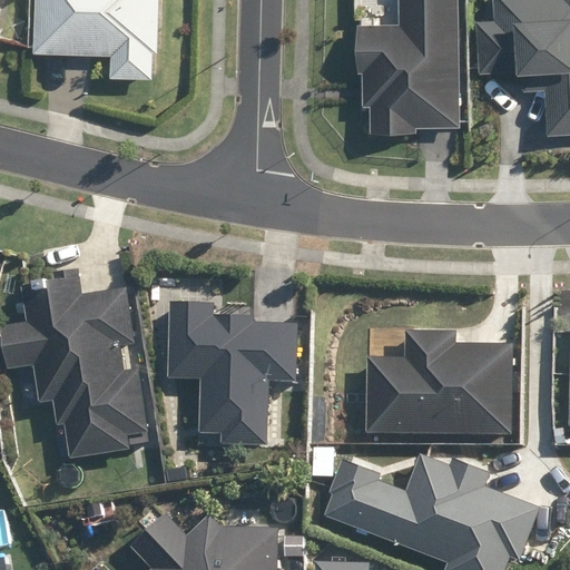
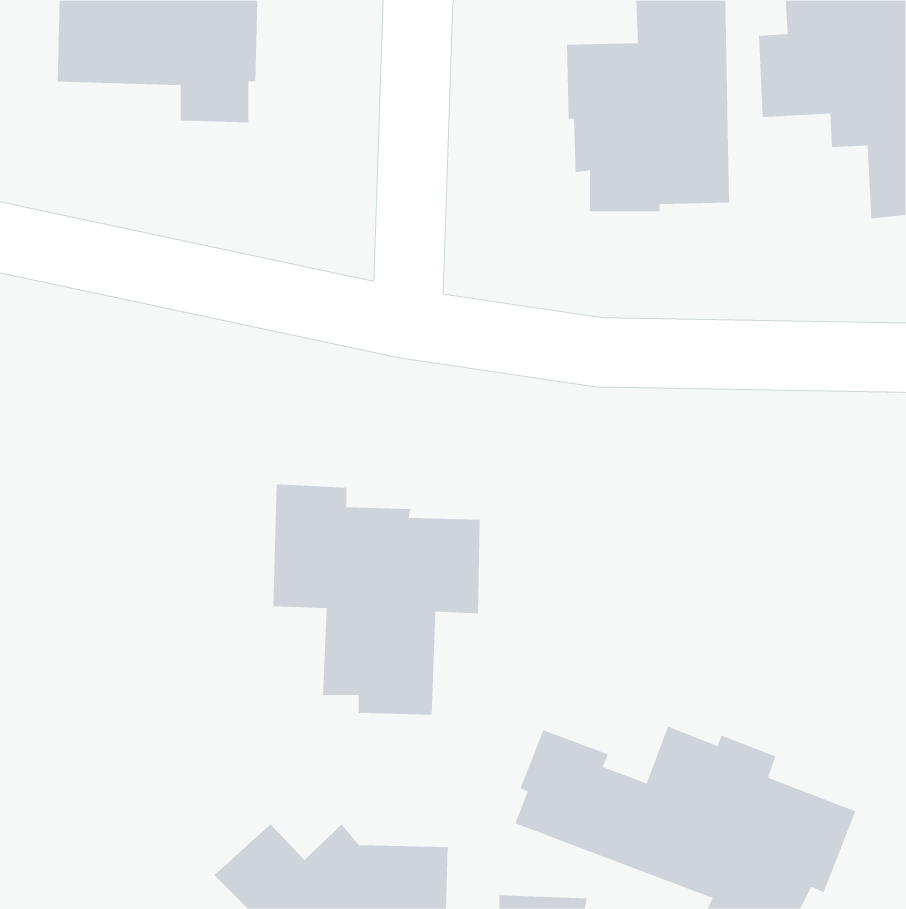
building: [4,271,151,460] -> none
building: [364,331,510,433] -> none

